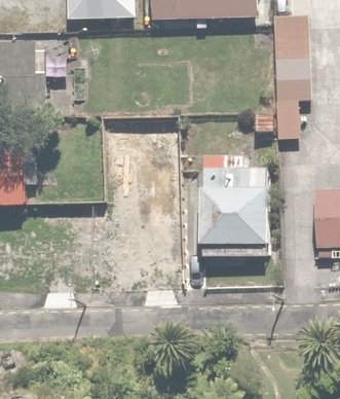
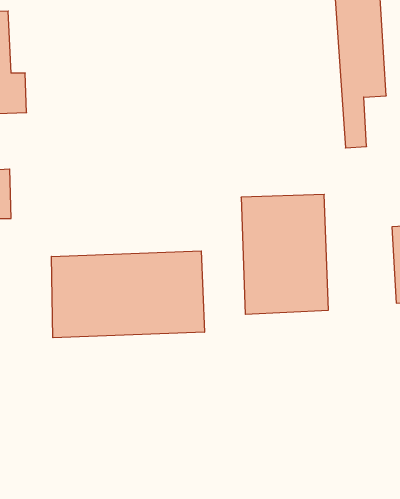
building: none -> [51,251,204,338]

